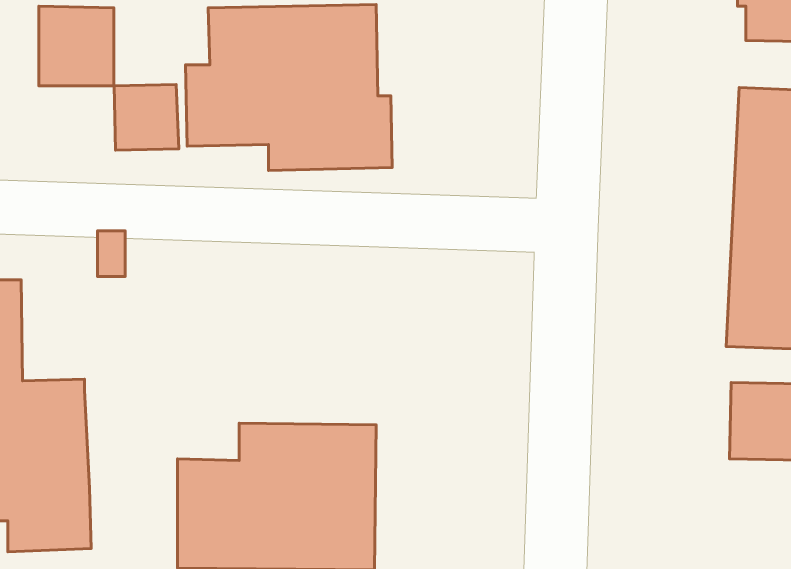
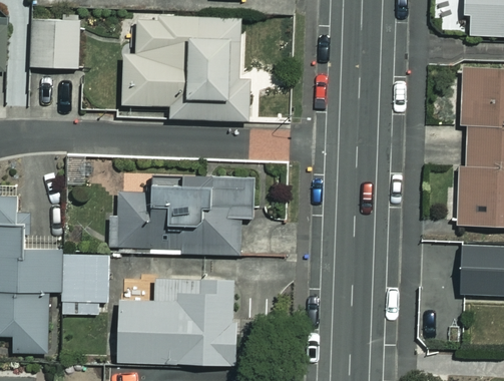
building: [114,85,179,150] -> none
building: none -> [110,169,256,254]
building: none -> [60,254,109,315]

